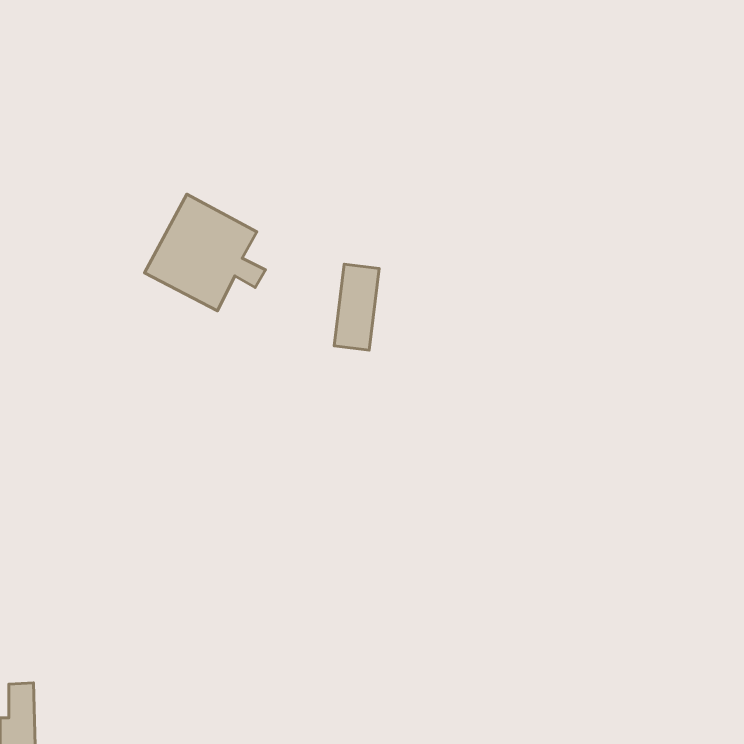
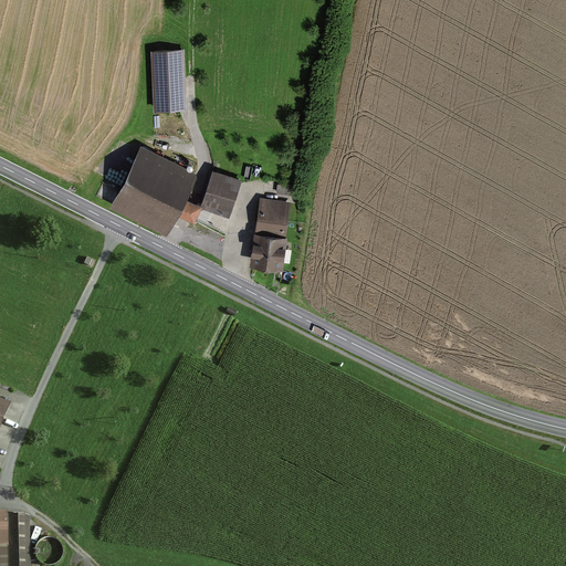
building: none -> [150,49,186,112]
building: none -> [203,172,240,216]

